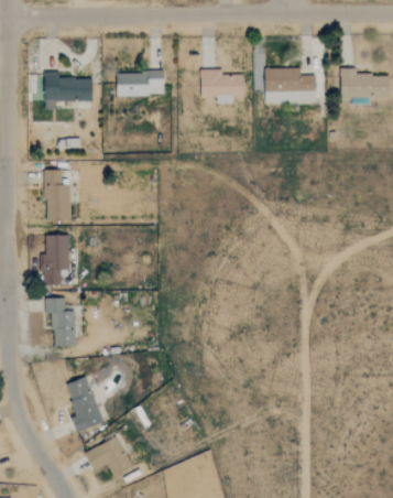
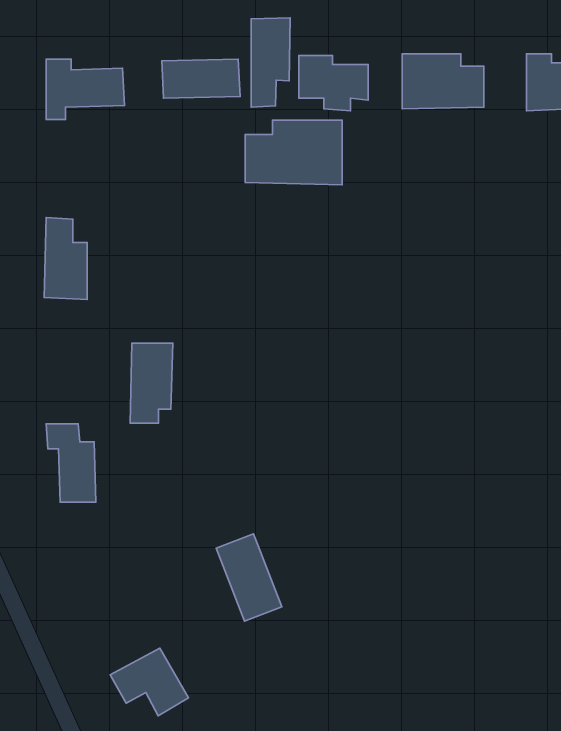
building: none -> [251,18,290,107]
building: none -> [245,120,342,185]
building: [43,236,69,285] -> [130,343,173,423]
building: [64,377,105,431] -> [216,534,282,621]

